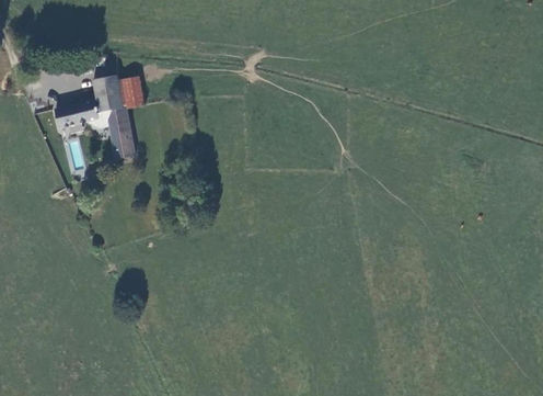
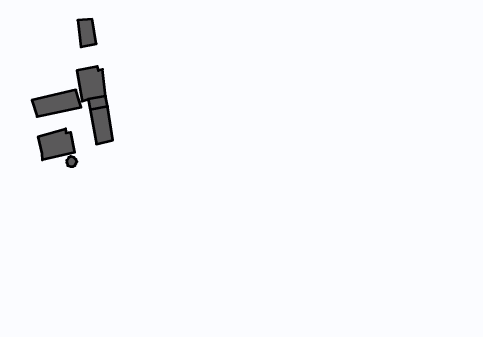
building: [123,78,142,108] -> [78,19,96,47]
building: none -> [38,129,75,160]

